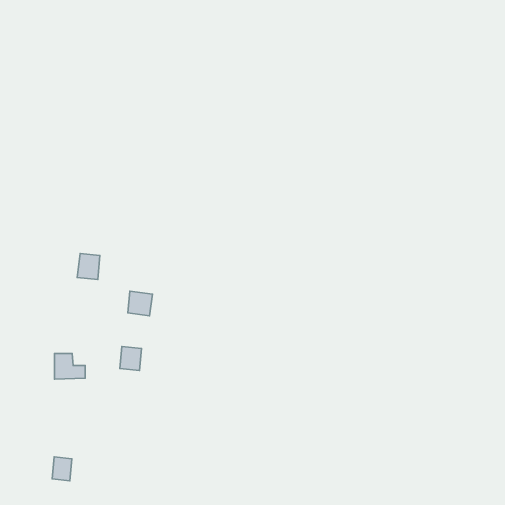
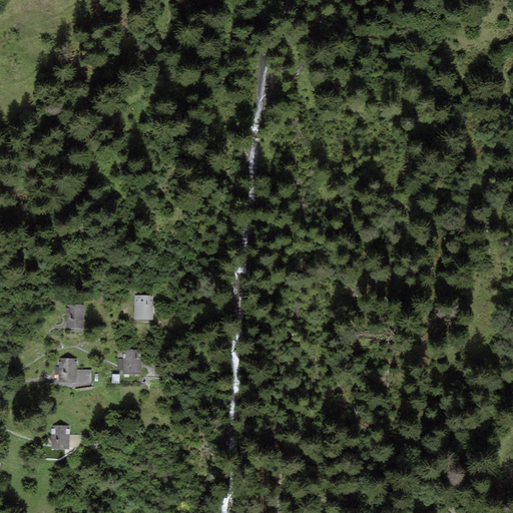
building: [77,254,100,279] -> [64,305,87,331]
building: [52,457,72,481] -> [49,425,69,449]

